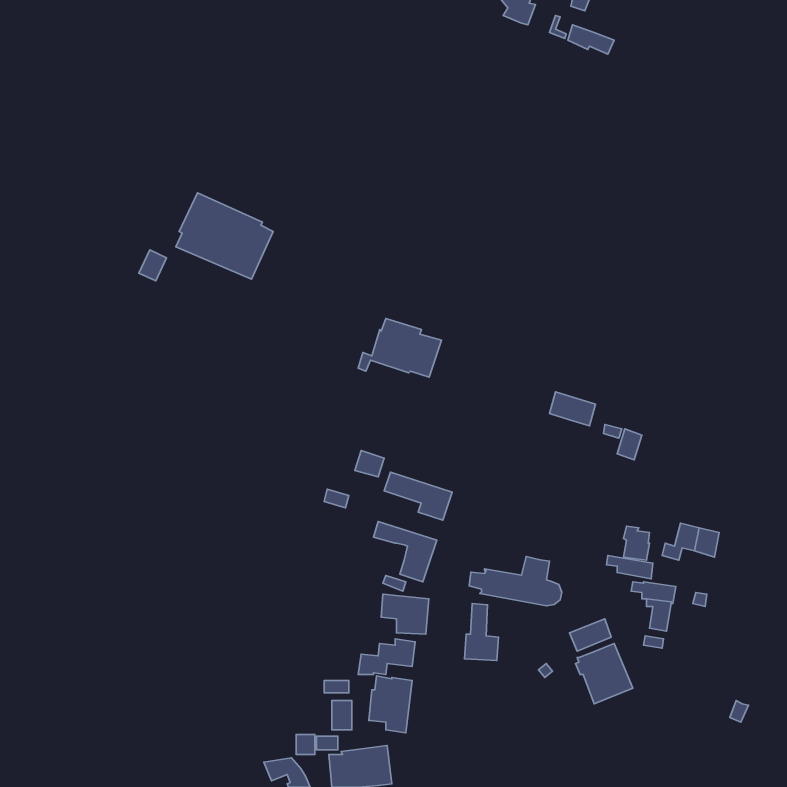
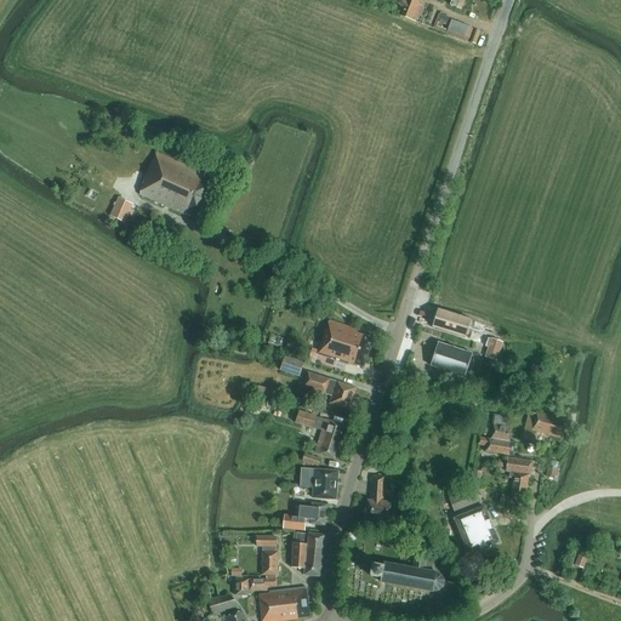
building: [358,319,441,377] -> [307,320,372,366]
building: none -> [429,342,472,376]
building: [469,557,562,606] -> [370,552,443,591]

